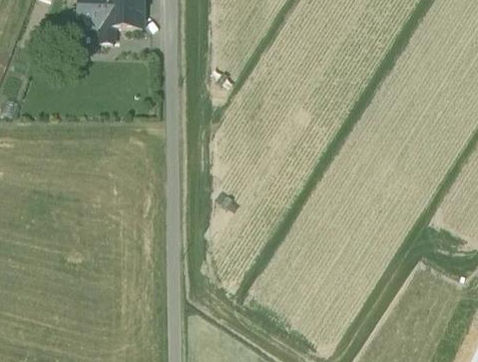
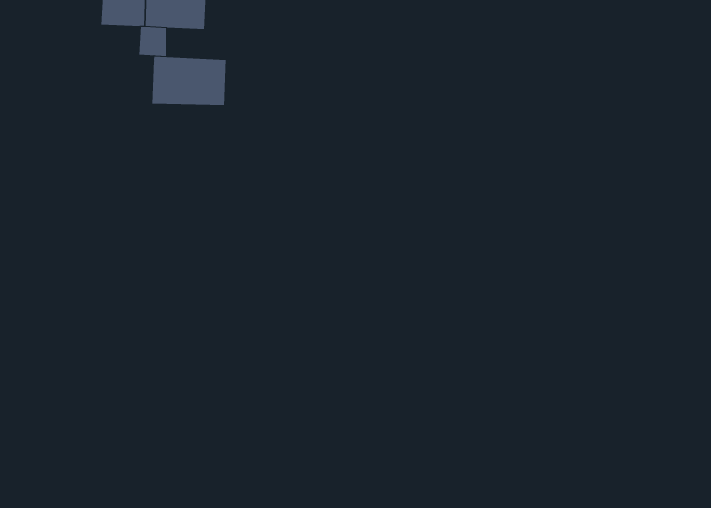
building: none -> [152,56,226,106]

